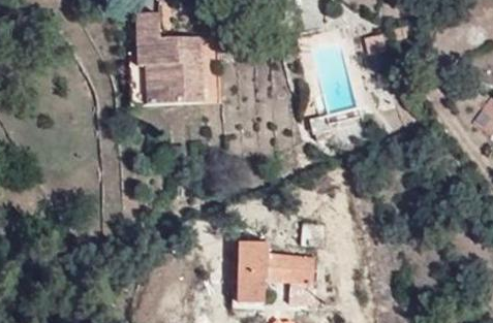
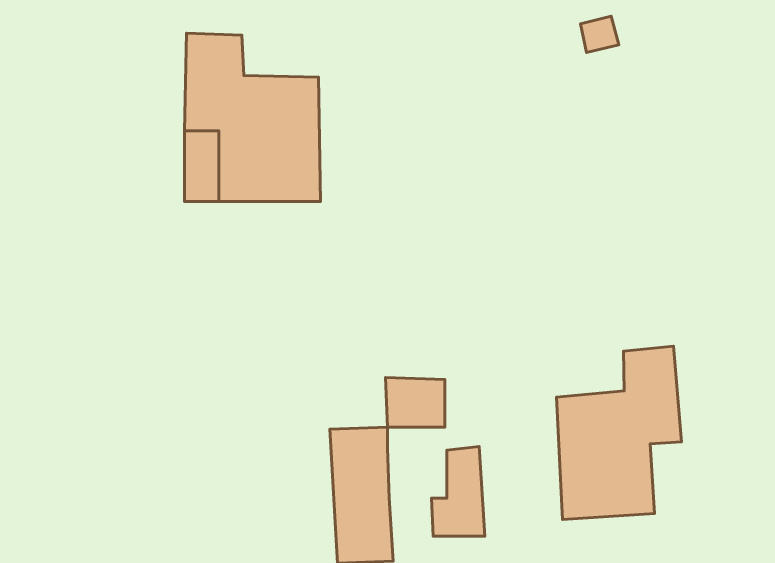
building: none -> [556,346,681,519]
building: [257,250,289,277] -> [385,378,445,427]

